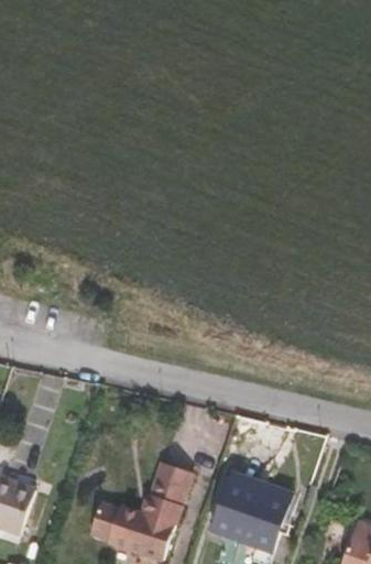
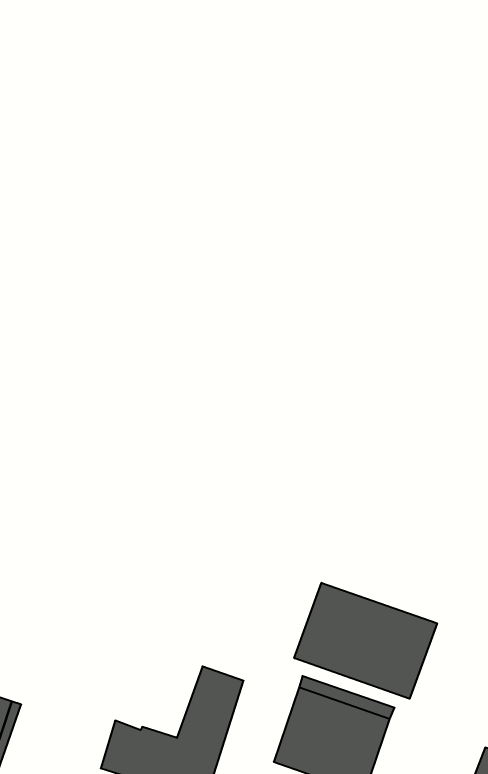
building: none -> [294,583,437,699]

